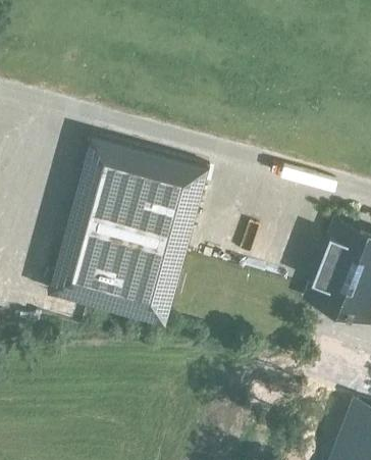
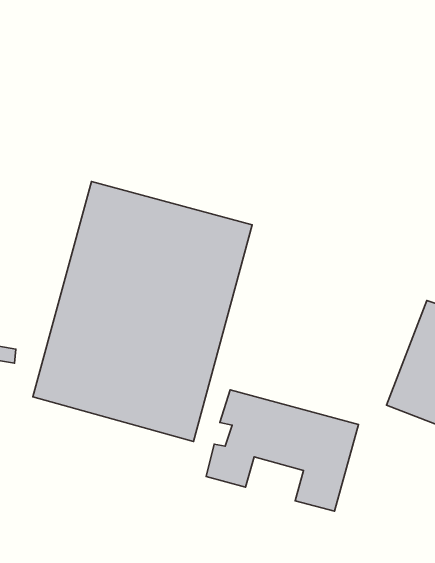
building: none -> [206,390,358,511]

